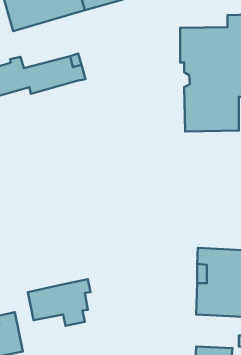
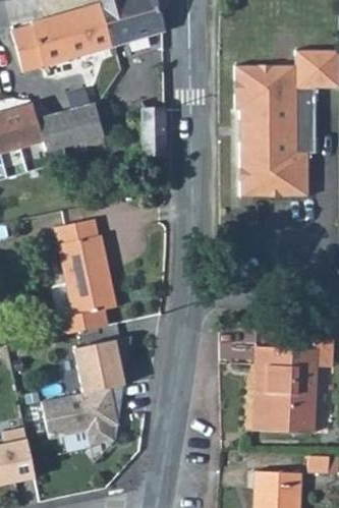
building: none -> [142,110,165,158]
building: none -> [55,219,116,334]
building: none -> [72,336,130,393]

